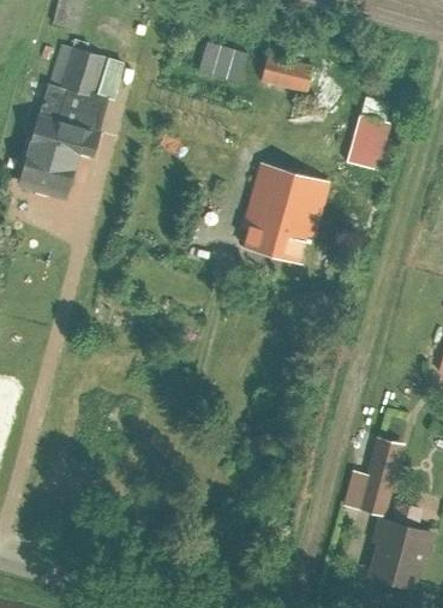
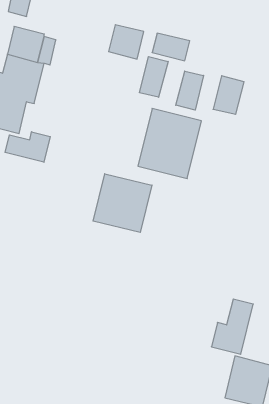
building: none -> [140,57,168,97]
building: none -> [176,71,204,110]
building: none -> [5,132,50,162]
building: none -> [93,174,152,232]

